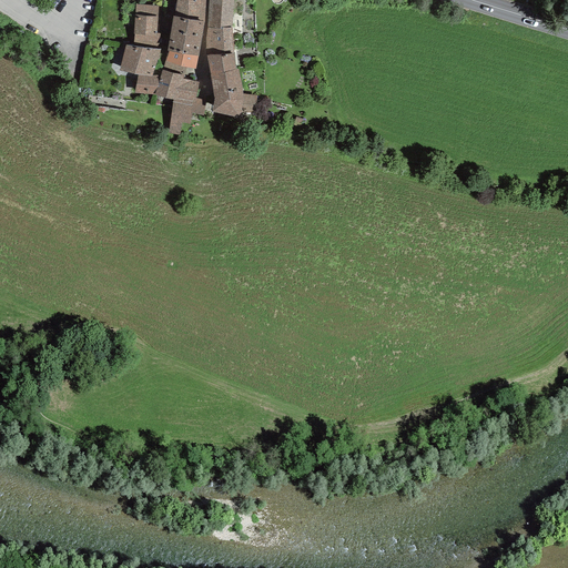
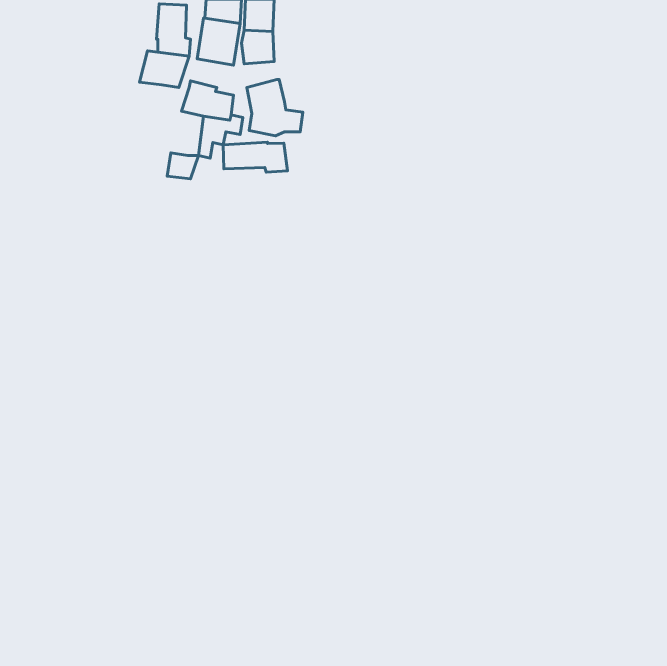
building: [162,50,199,74] -> none
building: [207,52,235,74] -> none
building: [134,72,161,94] -> [167,153,198,179]
building: none -> [223,142,288,172]

